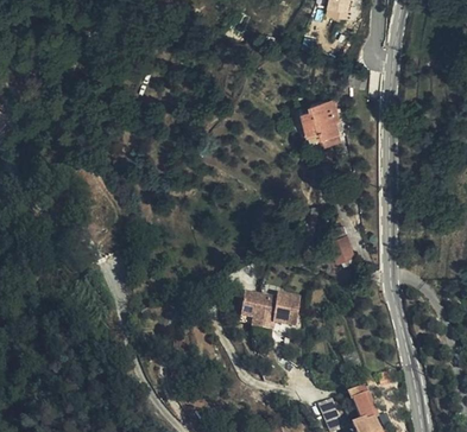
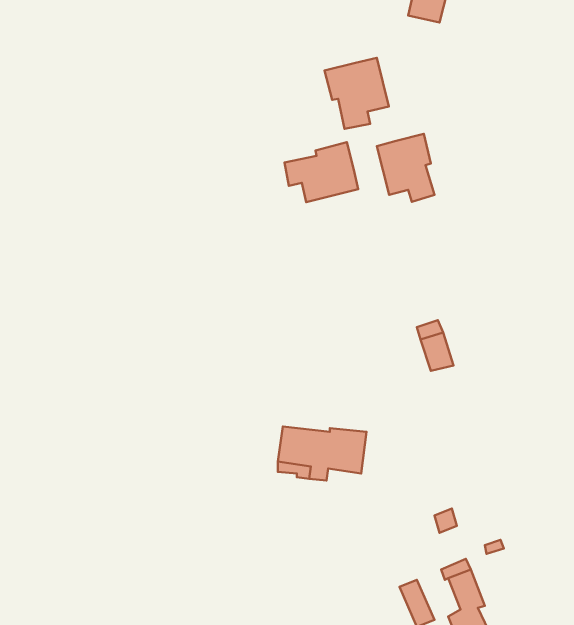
building: none -> [324,58,389,129]
building: none -> [284,142,358,202]

